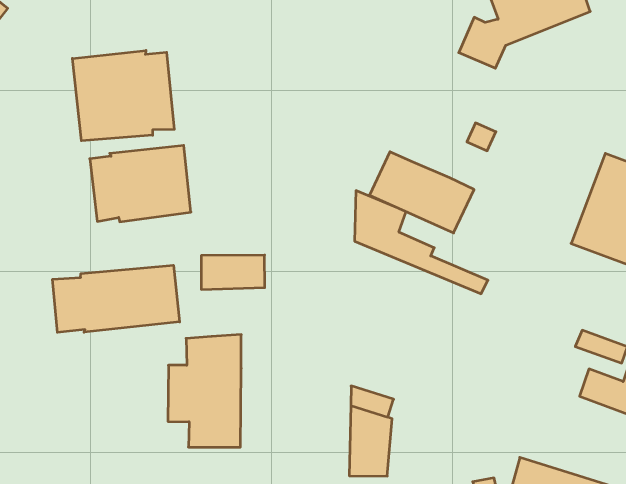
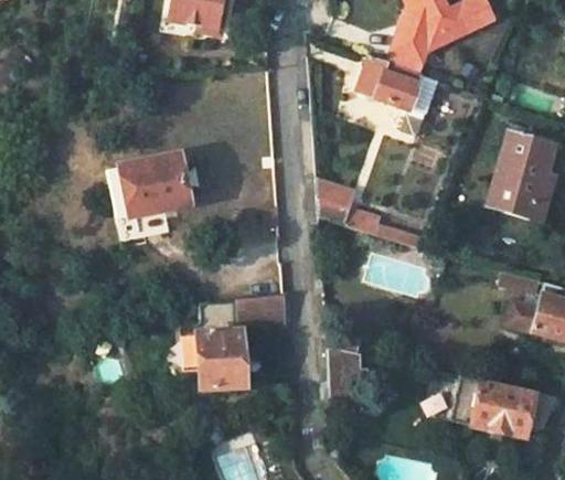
building: [72,50,174,141] -> none
building: [370,152,474,233] -> [356,56,438,116]
building: [201,255,265,289] -> [236,294,288,324]
building: [53,265,180,332] -> none

